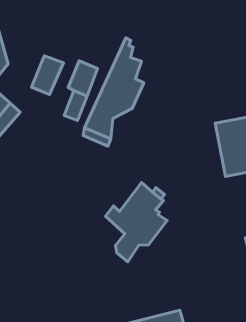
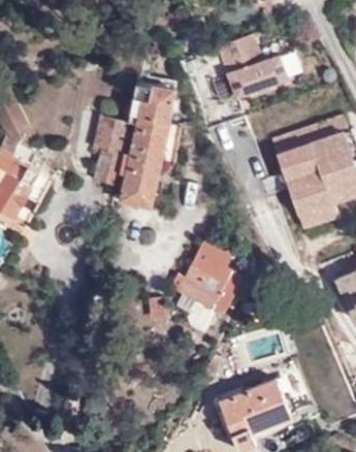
building: none -> [212,37,282,99]
building: [31,56,64,94] -> none

